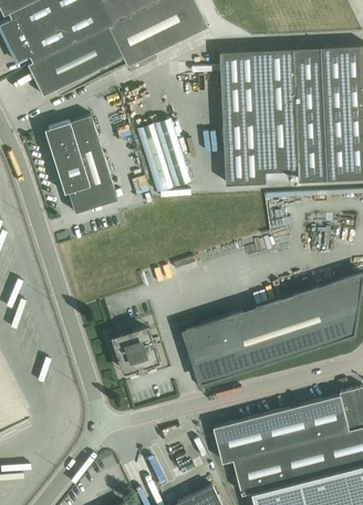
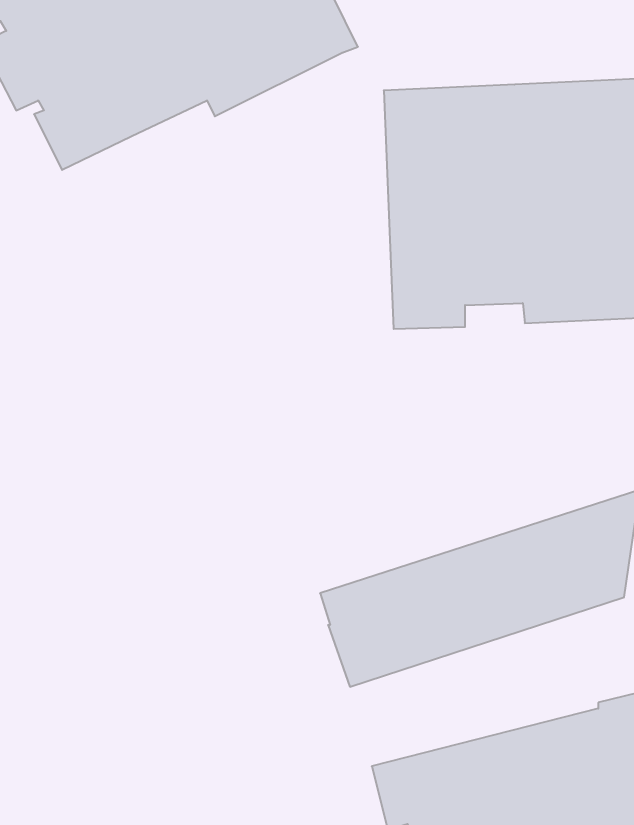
building: [43,115,117,214] -> none
building: [136,119,189,192] -> none
building: [112,327,157,374] -> none

